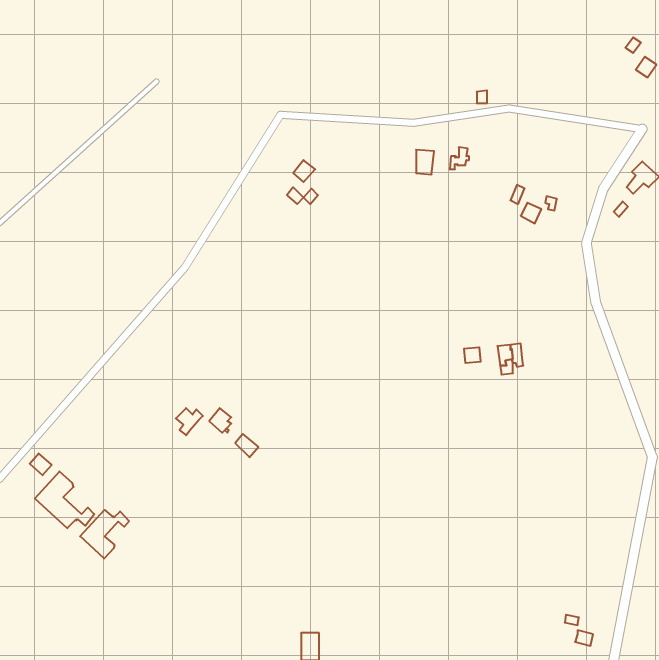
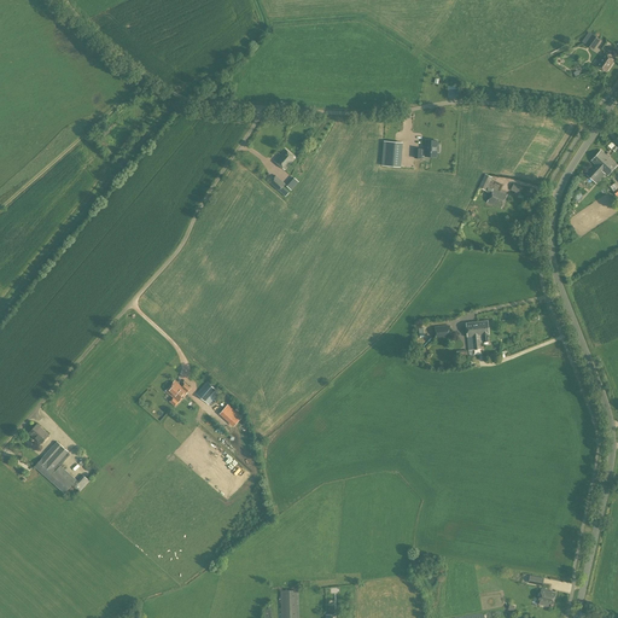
building: [80,510,129,559] -> none

